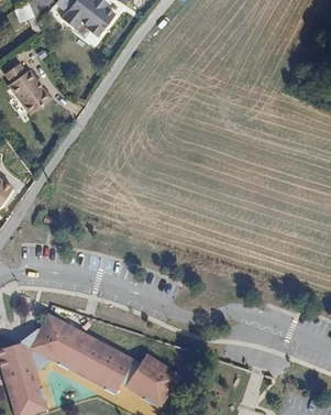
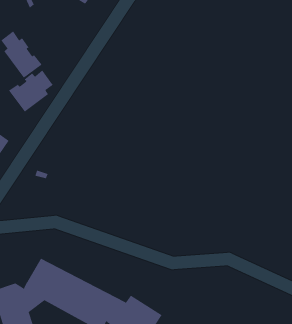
building: none -> [8,69,54,112]

